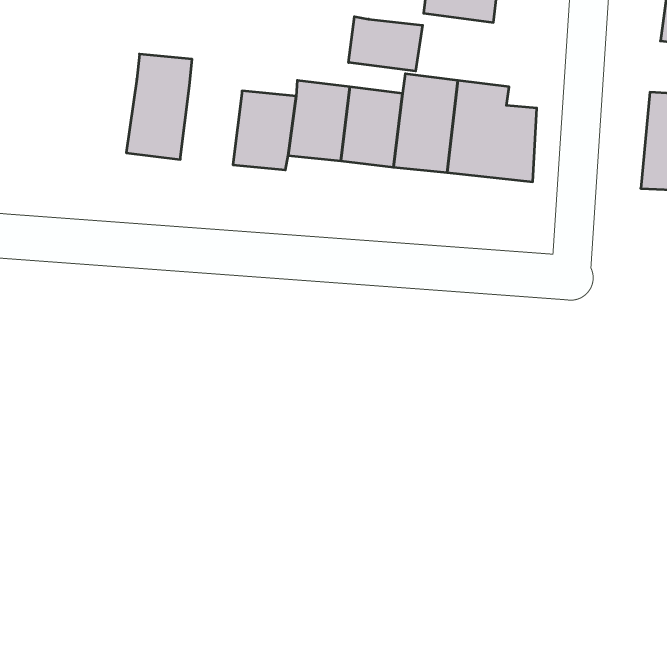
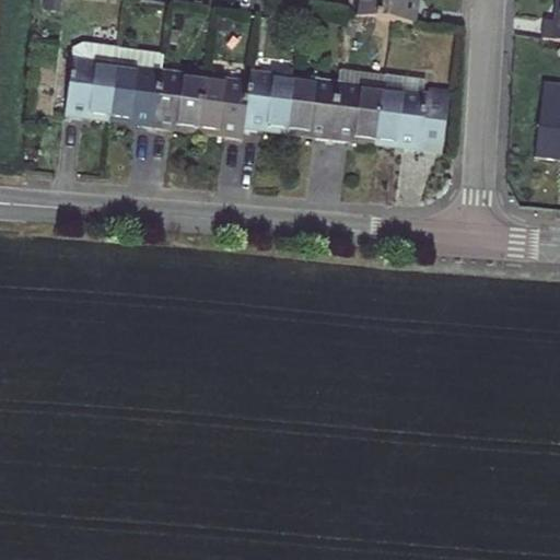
building: [349,17,423,71] -> none
building: none -> [61,42,120,127]
building: none -> [154,71,206,137]

